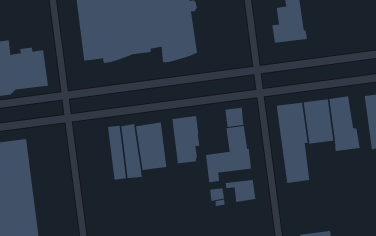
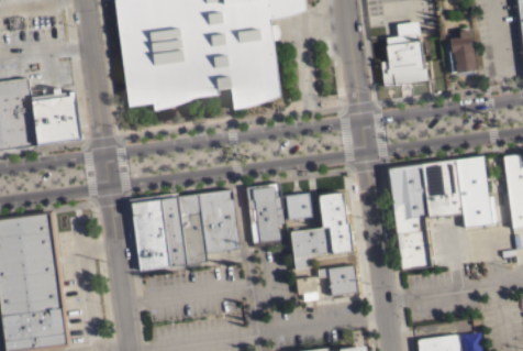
building: none -> [448,30,477,76]
building: [224,107,244,128] -> [286,193,312,220]
building: none -> [130,195,169,271]

